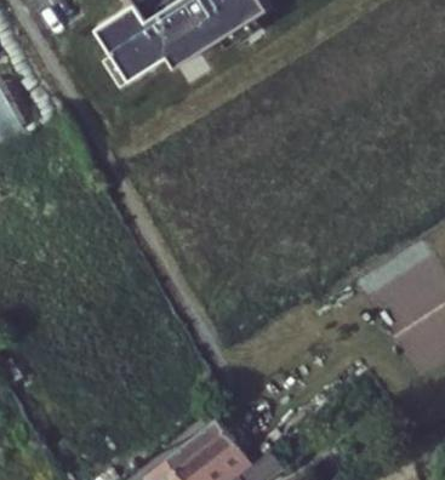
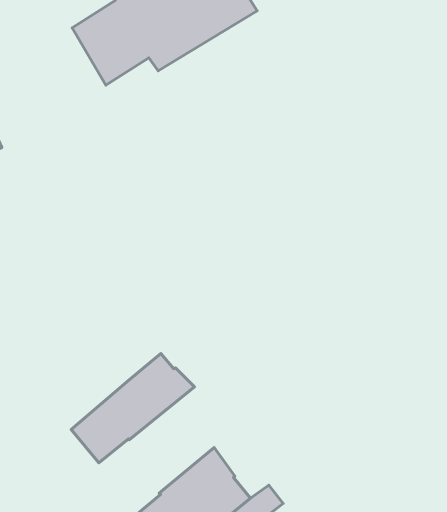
building: none -> [71,353,194,463]

